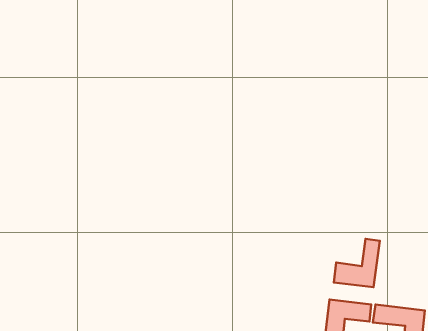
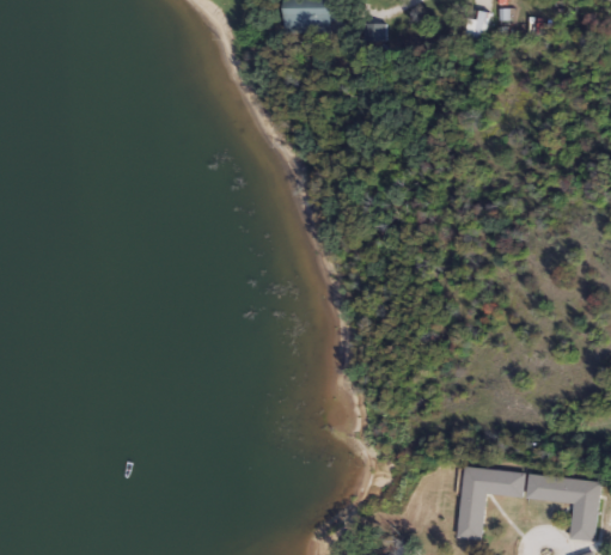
building: [334,239,380,287] -> none

